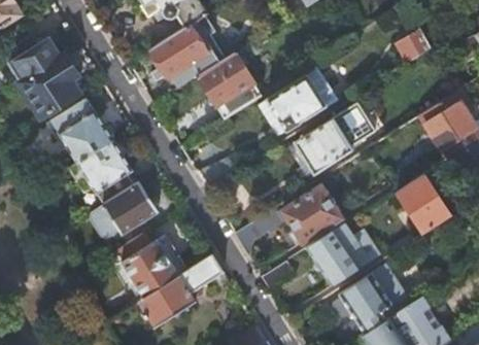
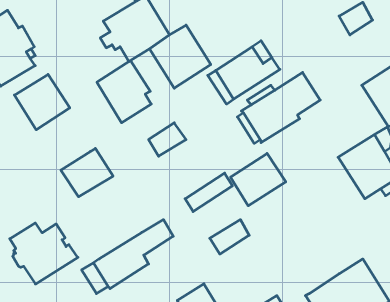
building: [79,139,136,204] -> [97,61,151,123]
building: [306,229,379,285] -> none
building: [118,233,190,297] -> [10,223,78,284]
building: [333,273,396,333] -> none

